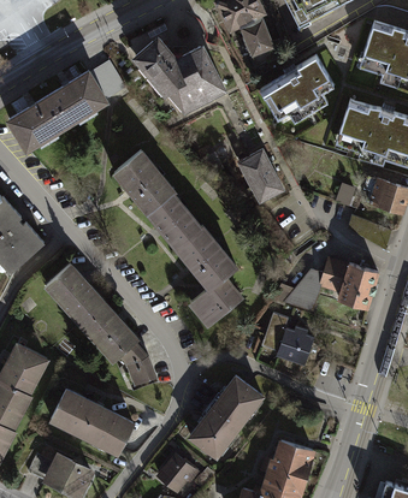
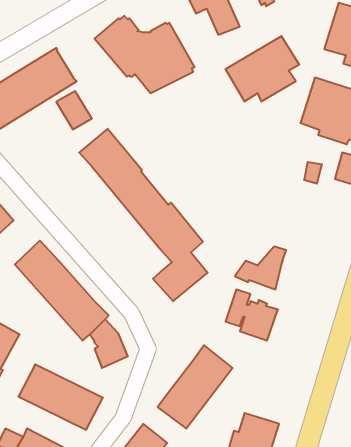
building: [90,63,126,101] -> [56,91,92,129]
building: [238,150,284,203] -> none
building: [318,259,379,308] -> none

